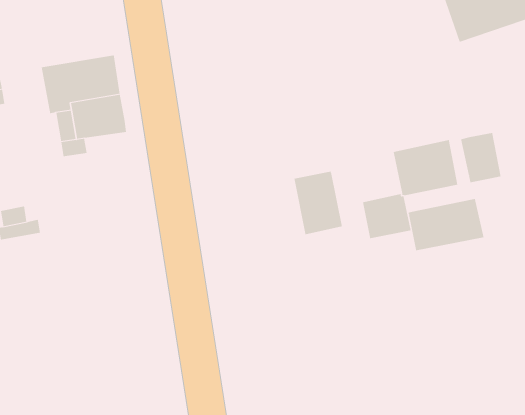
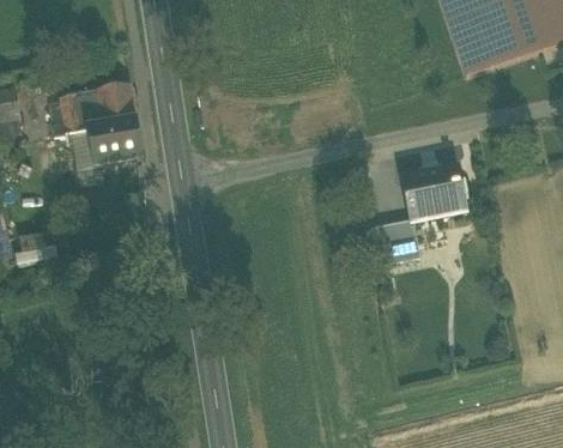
building: [460,132,501,183] -> none
building: [294,170,343,235] -> none
building: [408,198,484,251] -> none

